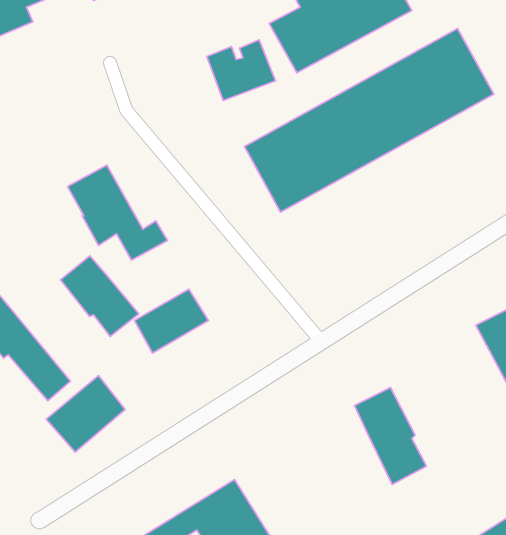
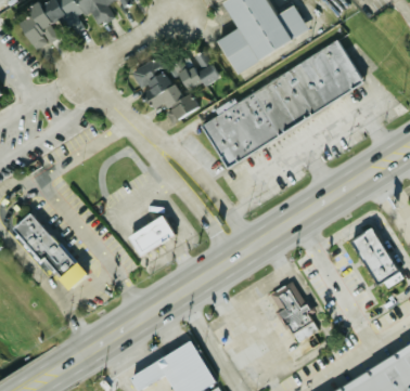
building: [67,165,167,260] -> [133,57,200,120]
building: [61,256,139,337] -> none
building: [46,375,125,452] -> none

